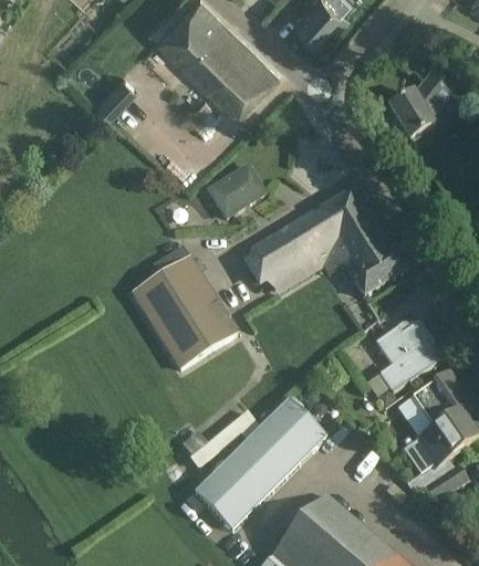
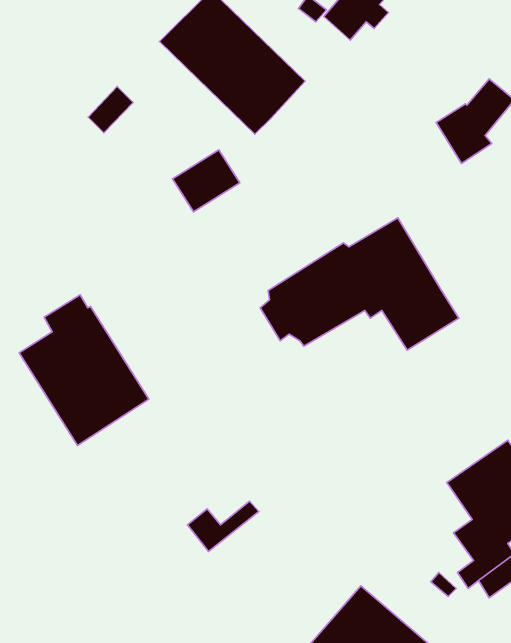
building: [208,165,264,217] -> [172,150,240,212]
building: [131,244,239,370] -> [19,295,149,446]
building: [375,324,440,394] -> none
building: [194,399,326,531] -> none

